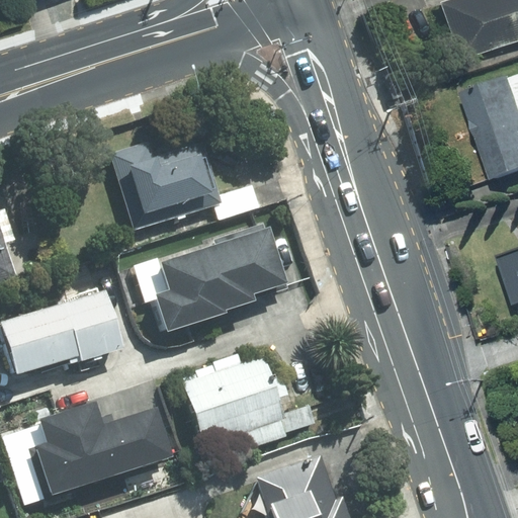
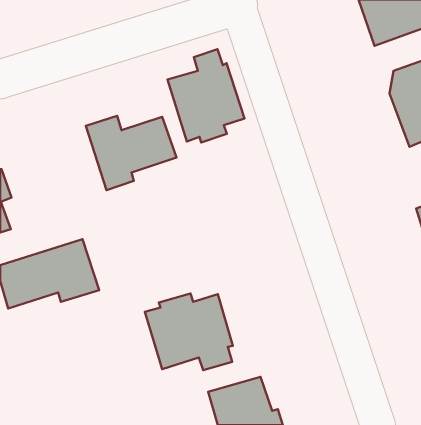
building: none -> [167,49,244,142]
building: [135,223,285,331] -> none
building: [32,402,172,498] -> none

